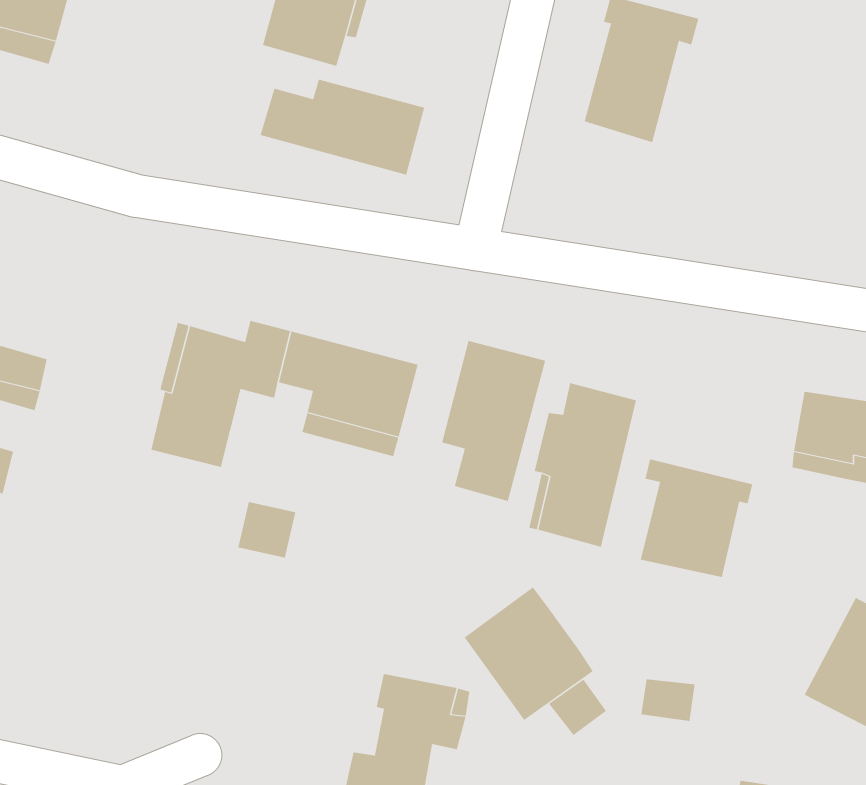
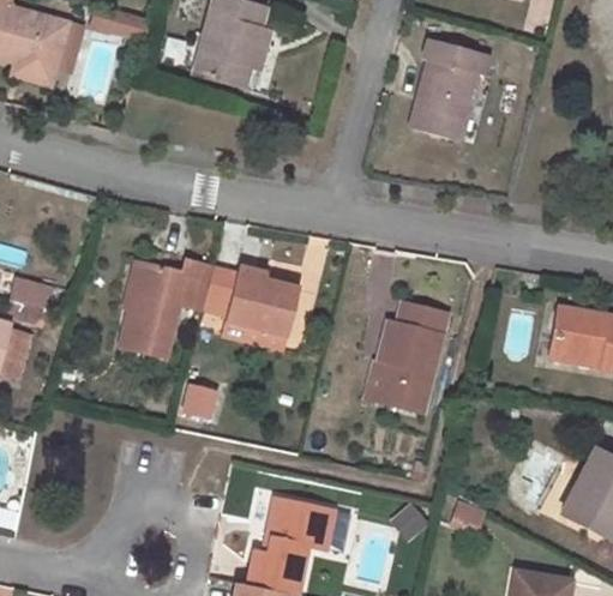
building: [260,79,425,176] -> none
building: [442,340,546,502] -> none
building: [640,458,753,578] -> none
building: [464,587,593,721] -> none

